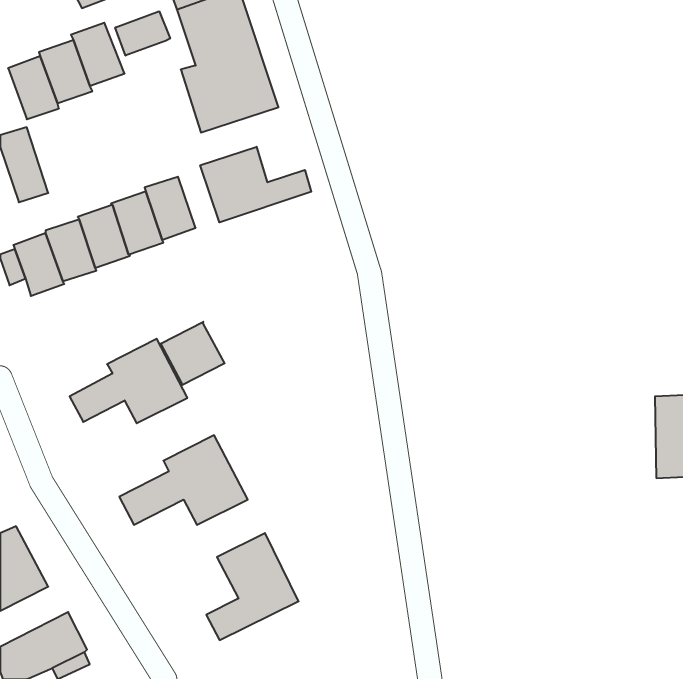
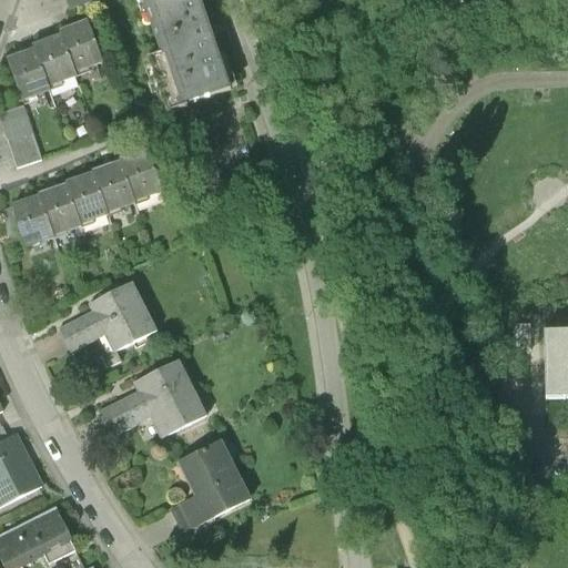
building: [115,11,170,56] -> none
building: [200,147,311,222] -> none
building: [161,322,225,385] -> none

